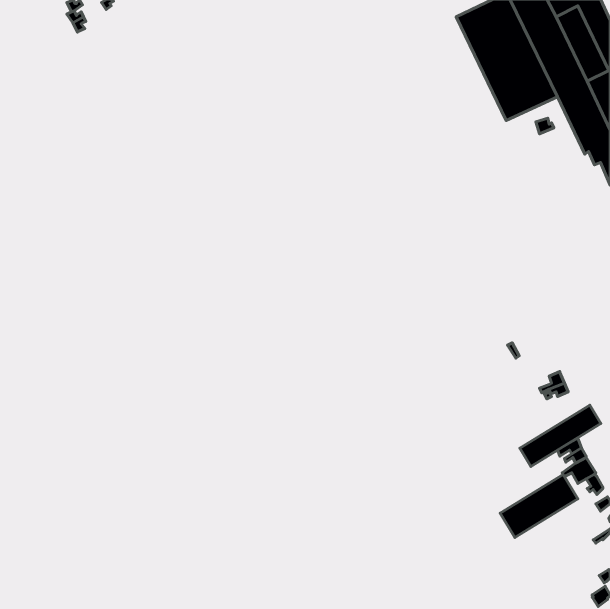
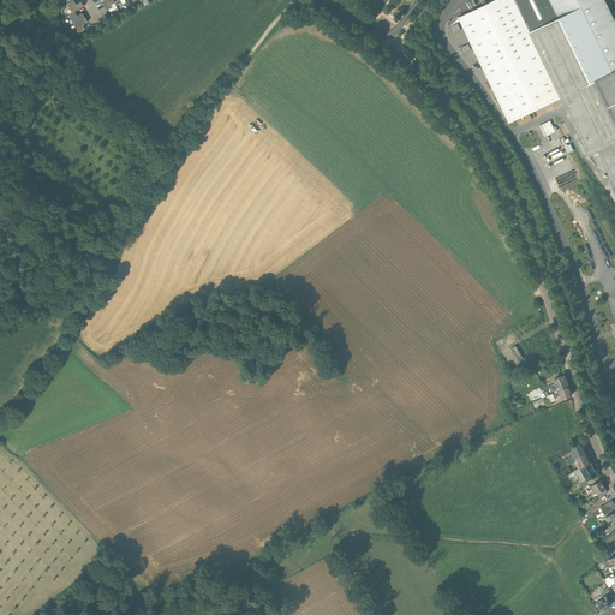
building: [520,405,601,467] -> none
building: [500,474,578,538] -> none

